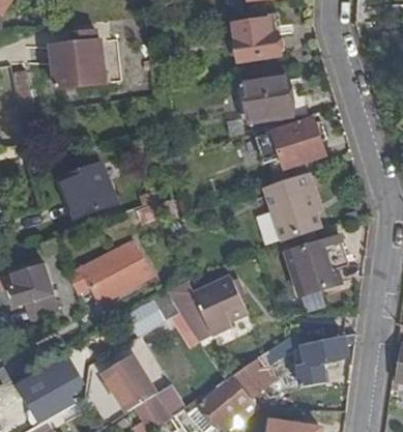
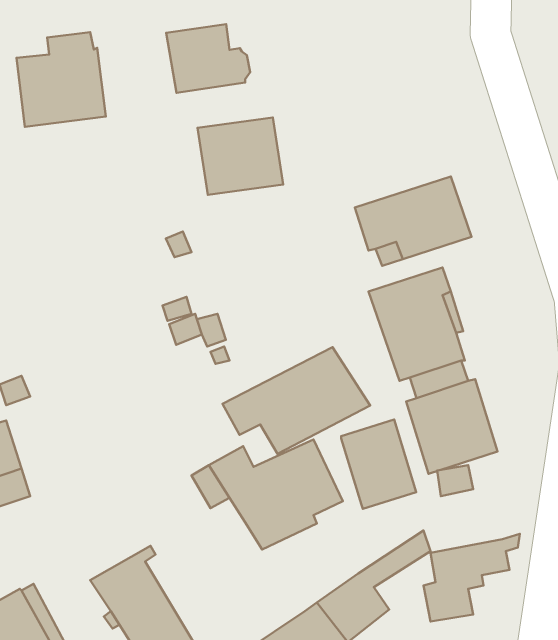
building: [232,20,283,61] -> [166,24,250,93]
building: [240,76,292,122] -> [197,117,283,195]
building: [60,164,114,218] -> none
building: [65,240,154,305] -> [222,347,370,454]
building: none -> [341,419,416,509]

